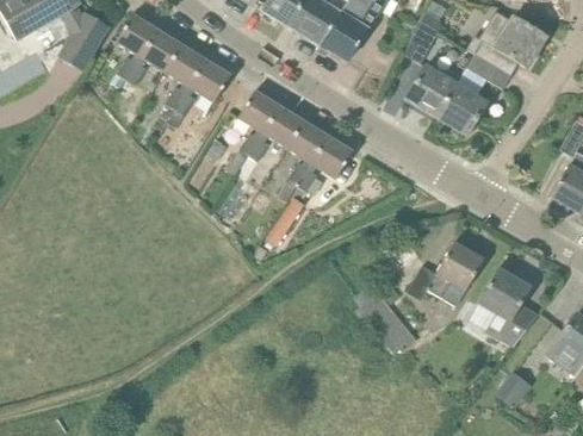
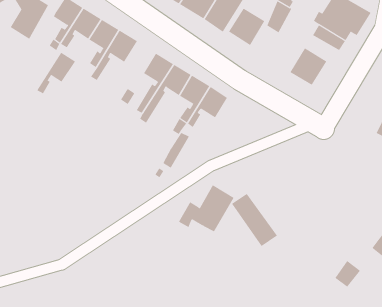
building: [407,64,457,116] -> [228,8,265,46]
building: none -> [37,52,76,94]
building: [408,241,484,305] -> [178,185,235,232]
building: [478,266,539,344] -> none

